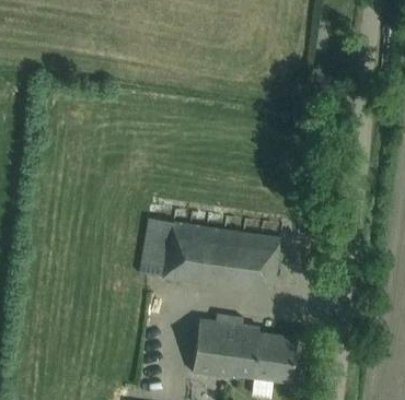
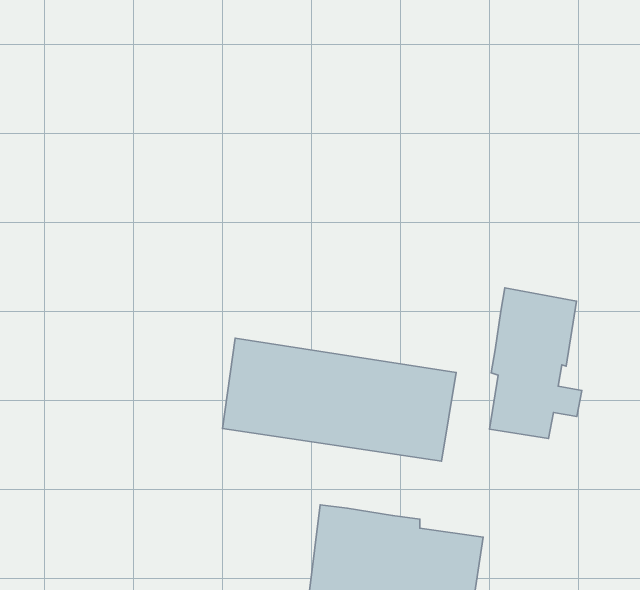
building: none -> [489,288,582,438]

